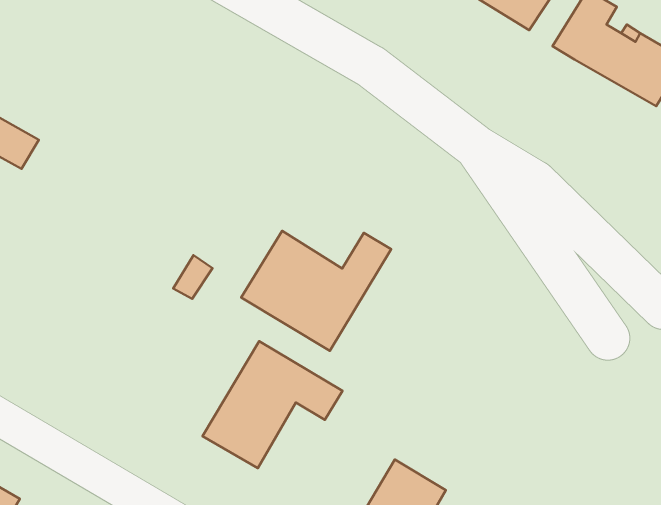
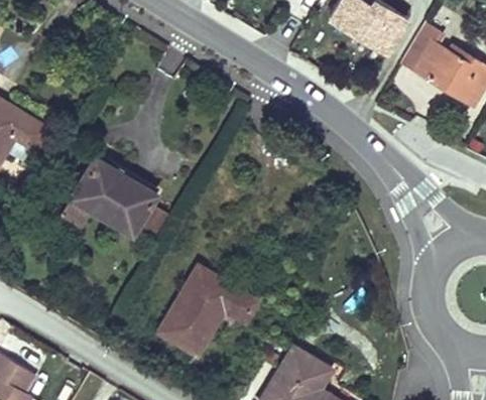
building: none -> [63,158,155,232]
building: [241,231,391,351] -> none

